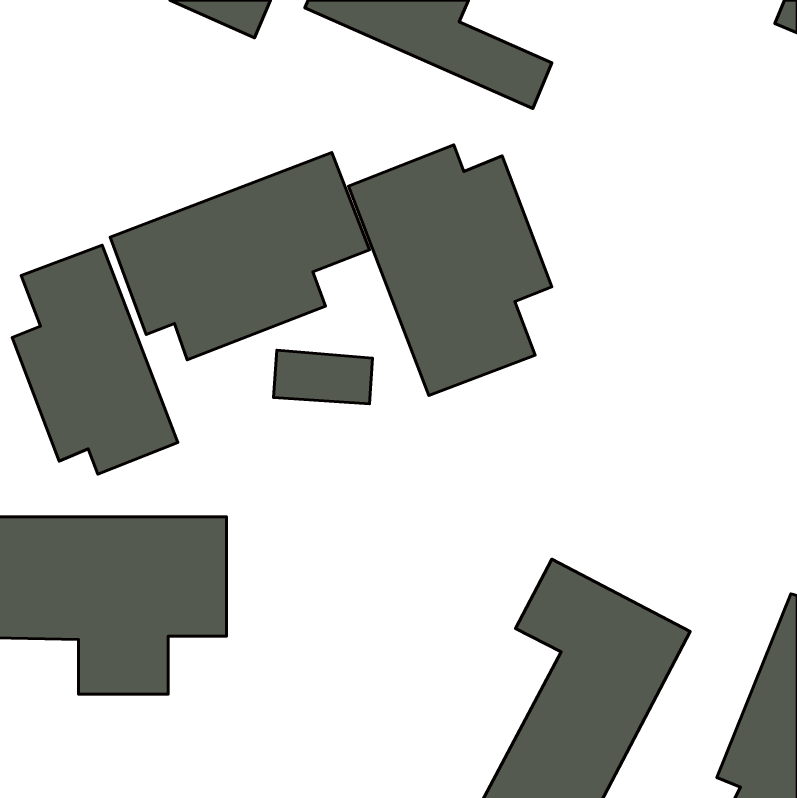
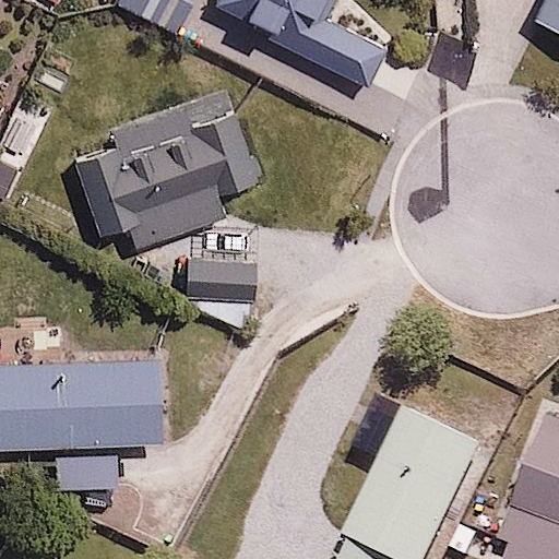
building: [349,145,552,396] -> none
building: [12,245,178,474] -> none

